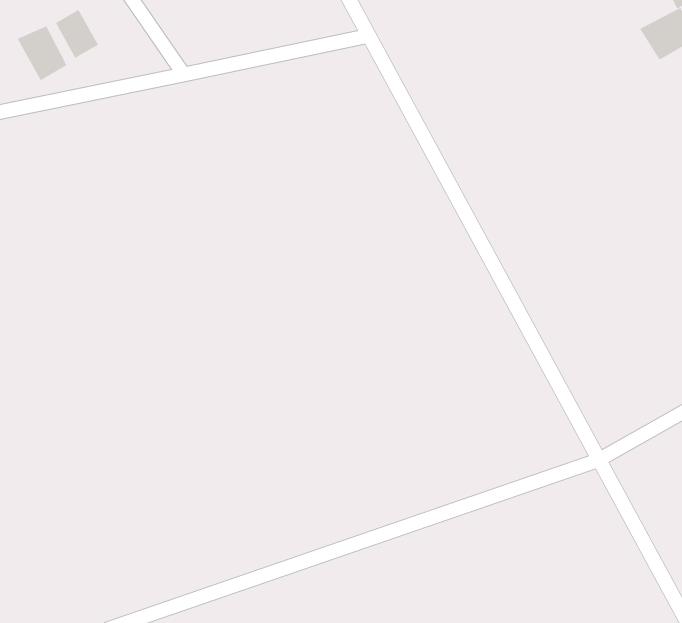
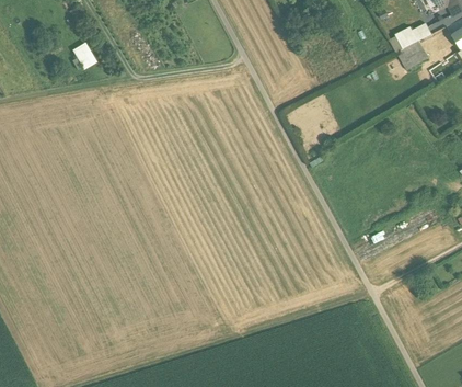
building: [17,25,67,81] -> none

